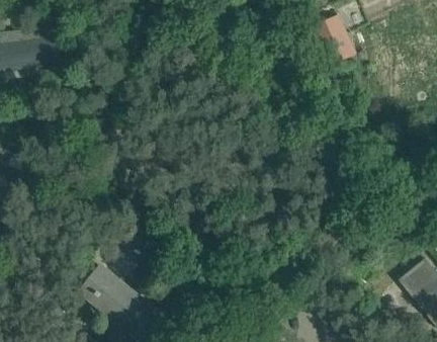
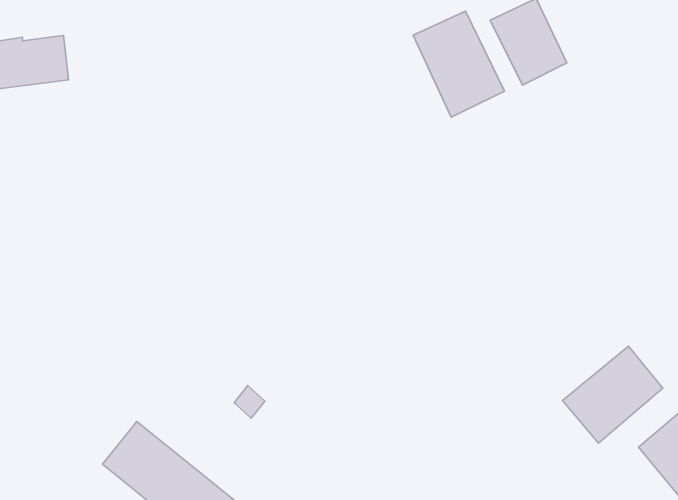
building: none -> [413,11,505,117]
building: none -> [562,346,663,443]

